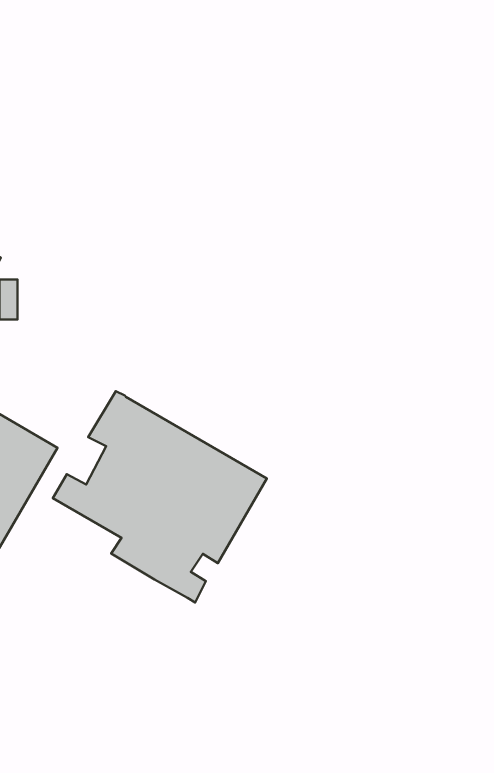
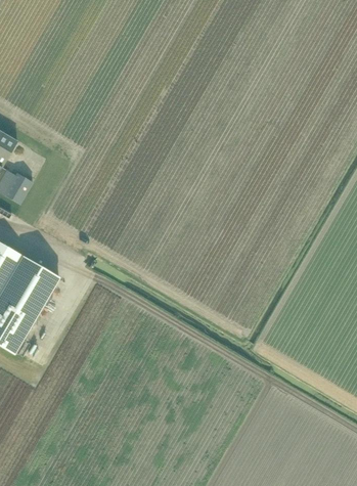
building: [53,391,267,603] -> none

